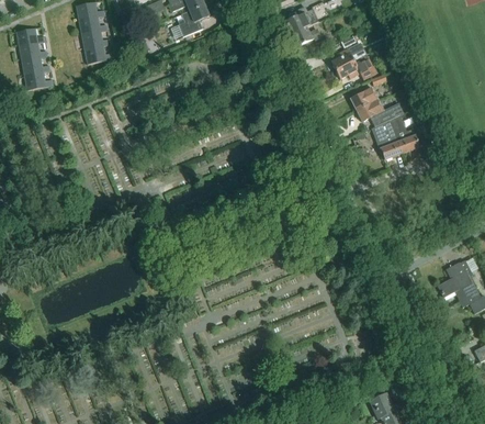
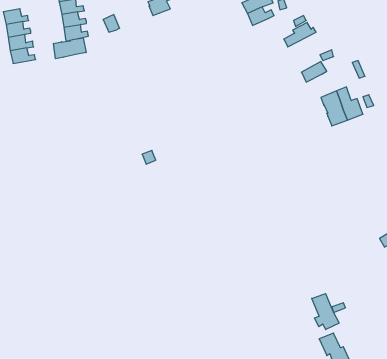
building: [335,54,375,79] -> none
building: none -> [54,38,86,59]
building: [356,98,404,126] -> none
building: none -> [312,294,339,330]

